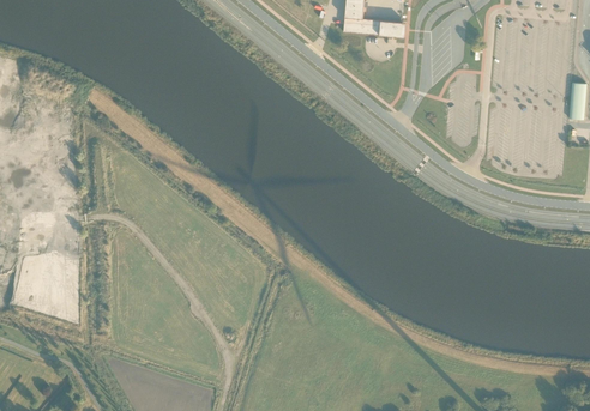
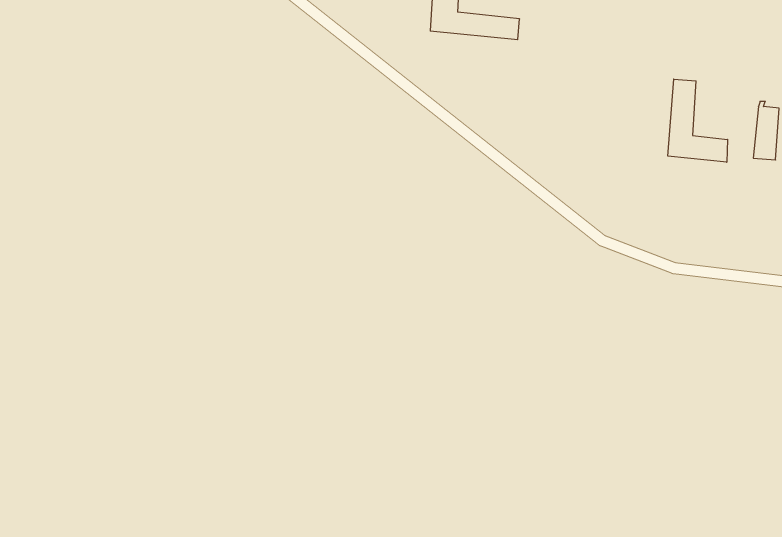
building: none -> [668,79,728,162]

